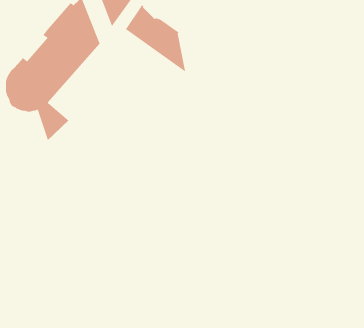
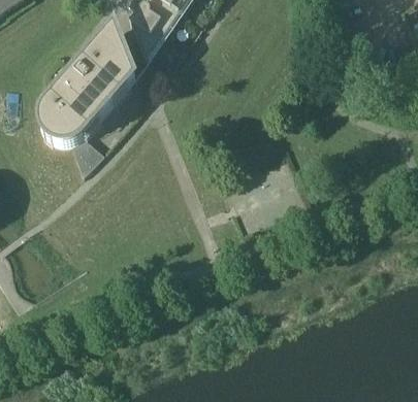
building: [125,4,186,73] -> none

